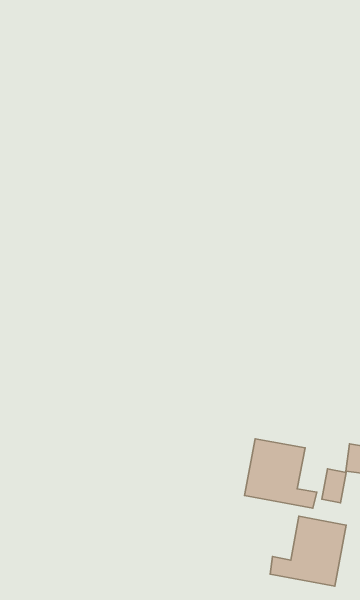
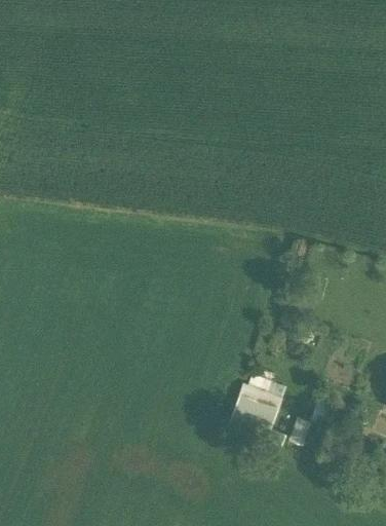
building: [270,516,346,586] -> none

